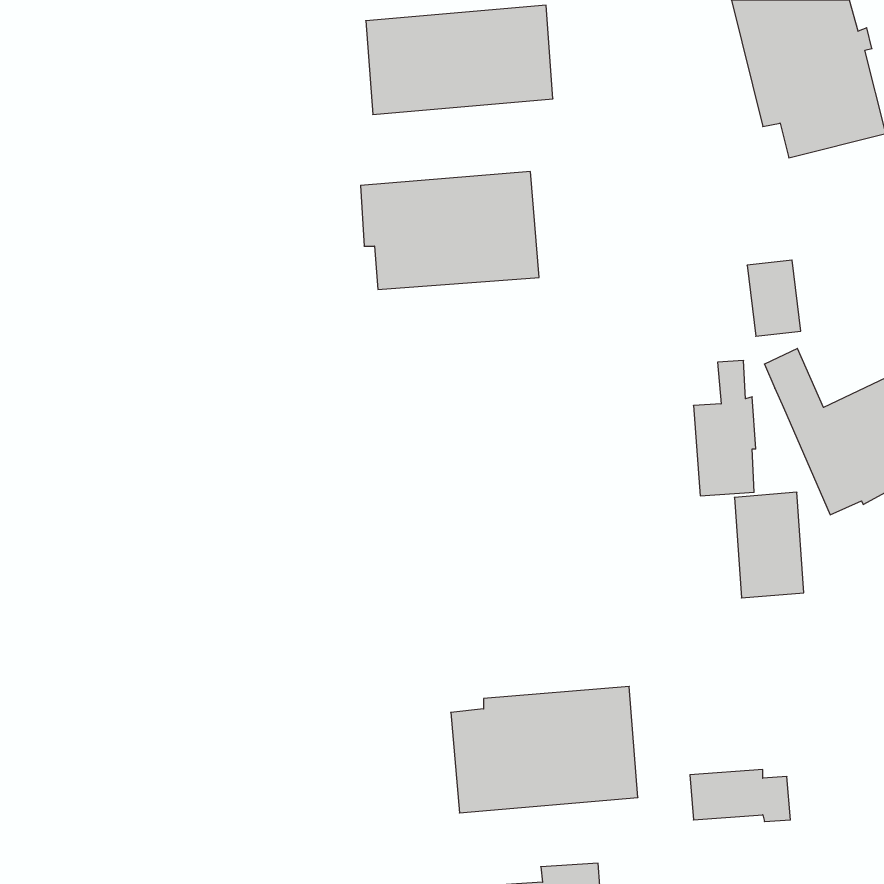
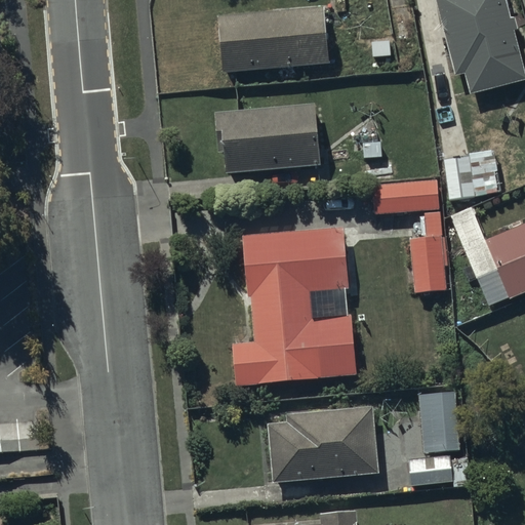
building: none -> [371,179,439,213]
building: none -> [233,227,356,386]
building: [734,492,804,598] -> [419,391,460,453]

